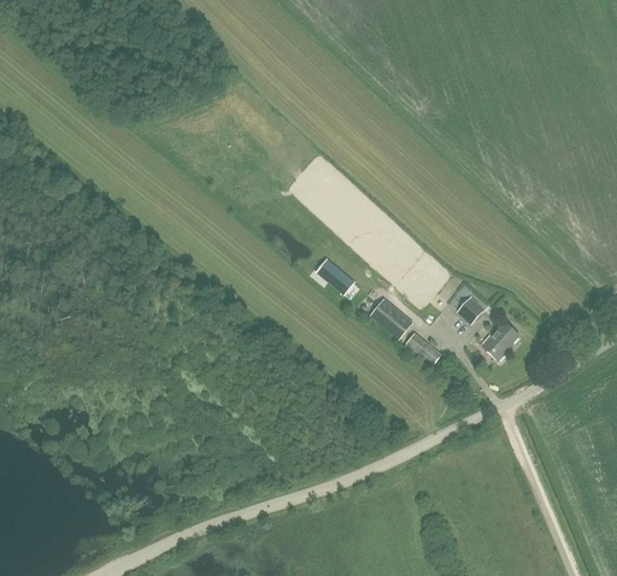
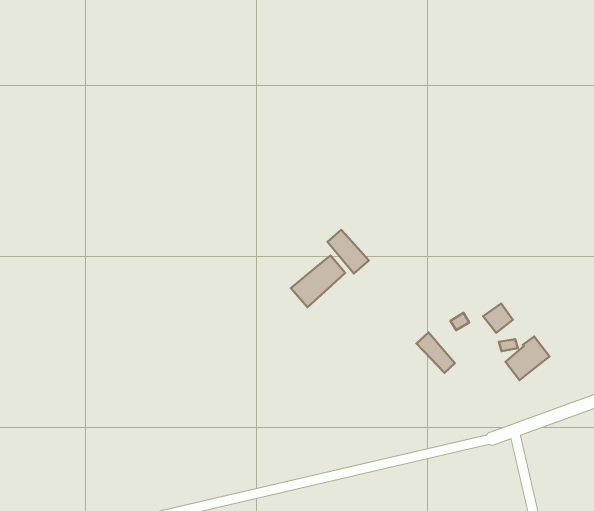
building: none -> [291,255,345,307]
building: [370,299,411,339] -> none

